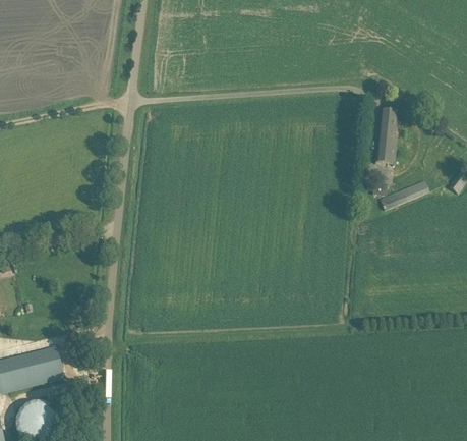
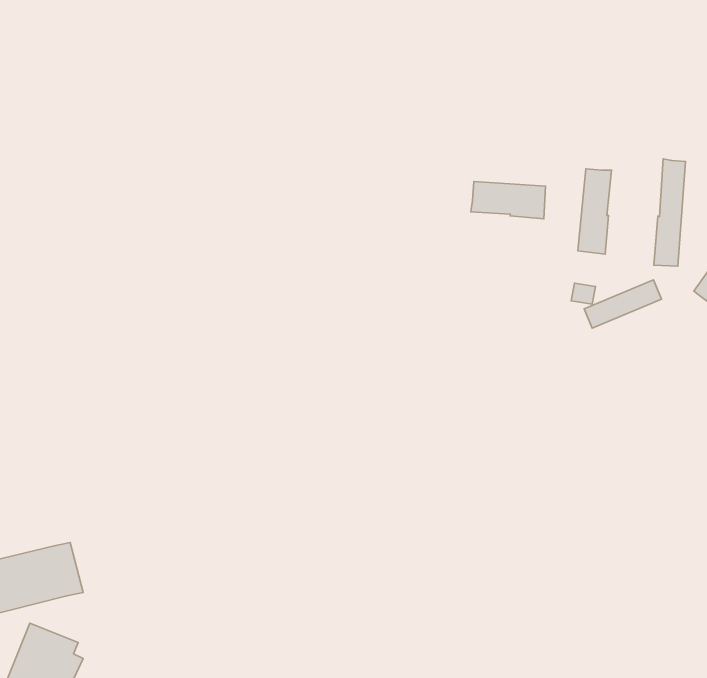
building: none -> [654,159,685,266]
building: none -> [471,182,546,219]

